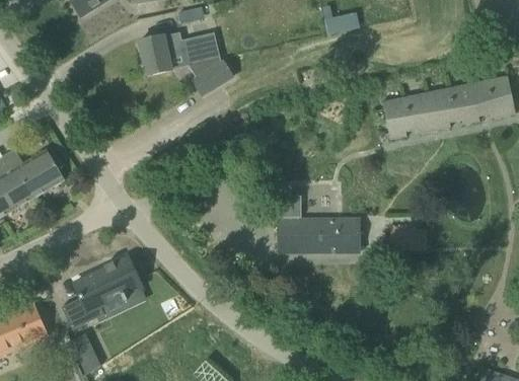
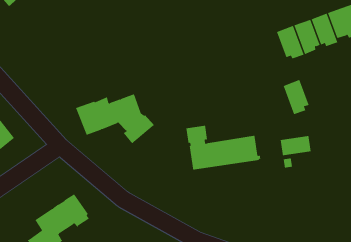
building: [139,31,233,94] -> [75,93,155,144]
building: [382,96,412,139] -> [283,79,310,115]

